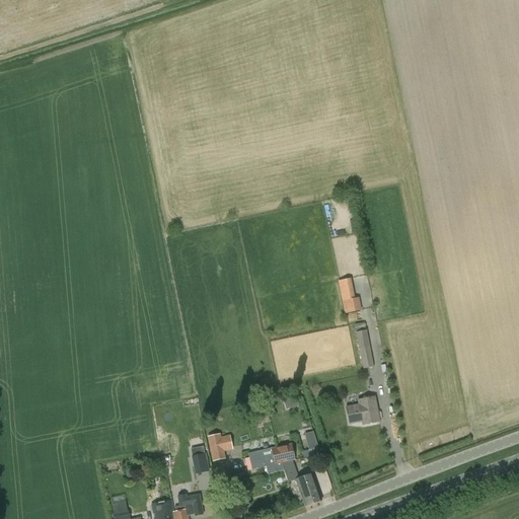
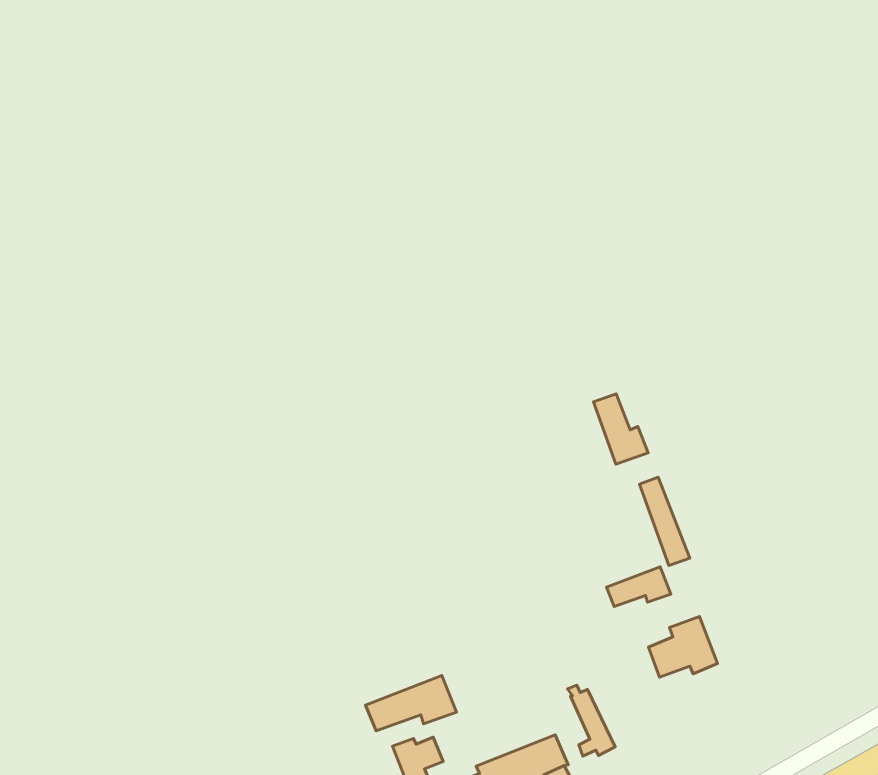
building: none -> [607,567,671,606]
building: none -> [366,675,456,731]

